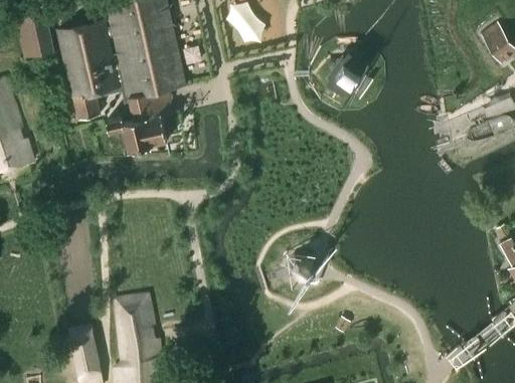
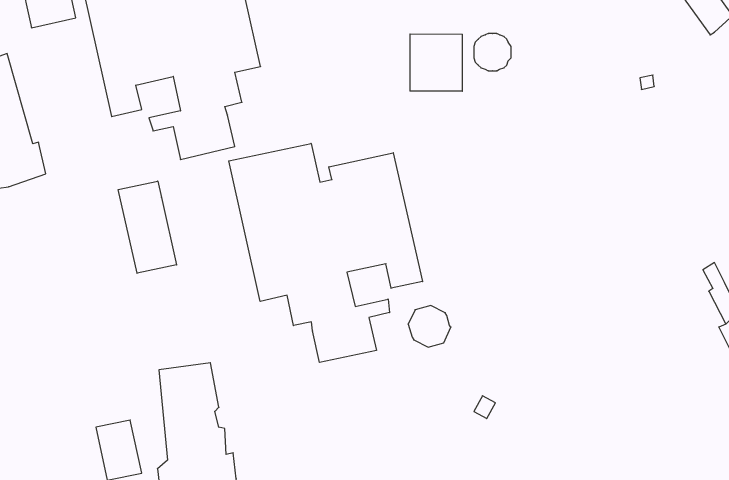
building: none -> [410,34,462,91]
building: none -> [229,143,423,362]
building: none -> [118,181,177,273]

